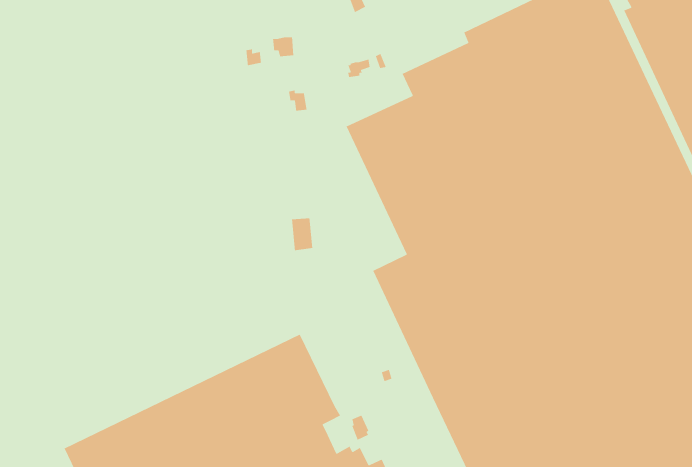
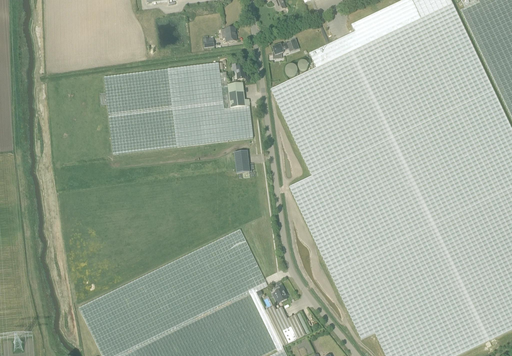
building: none -> [99,62,253,153]

